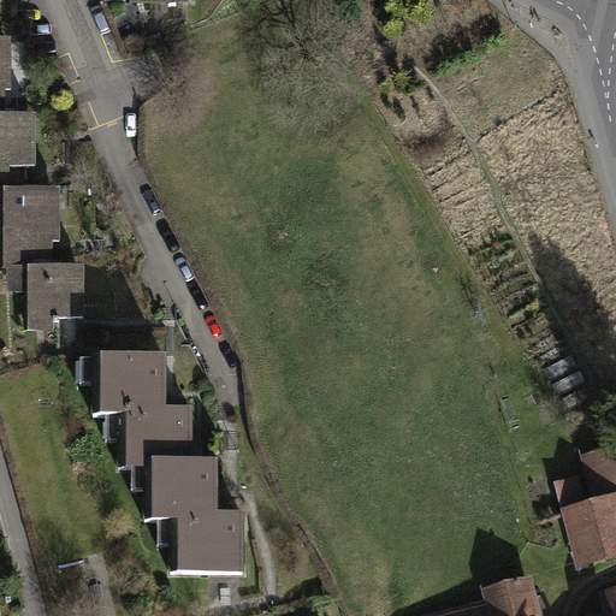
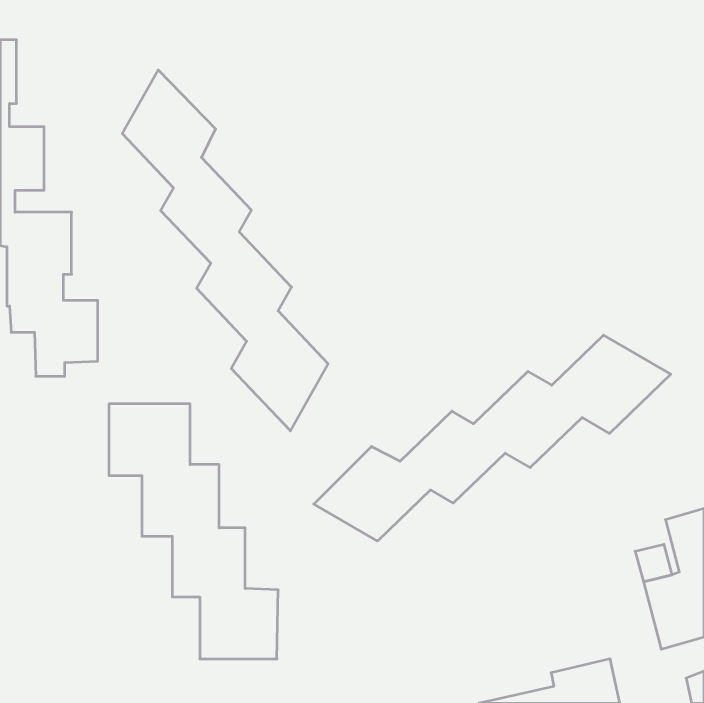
building: none -> [122,70,328,431]
building: none -> [314,335,671,541]

